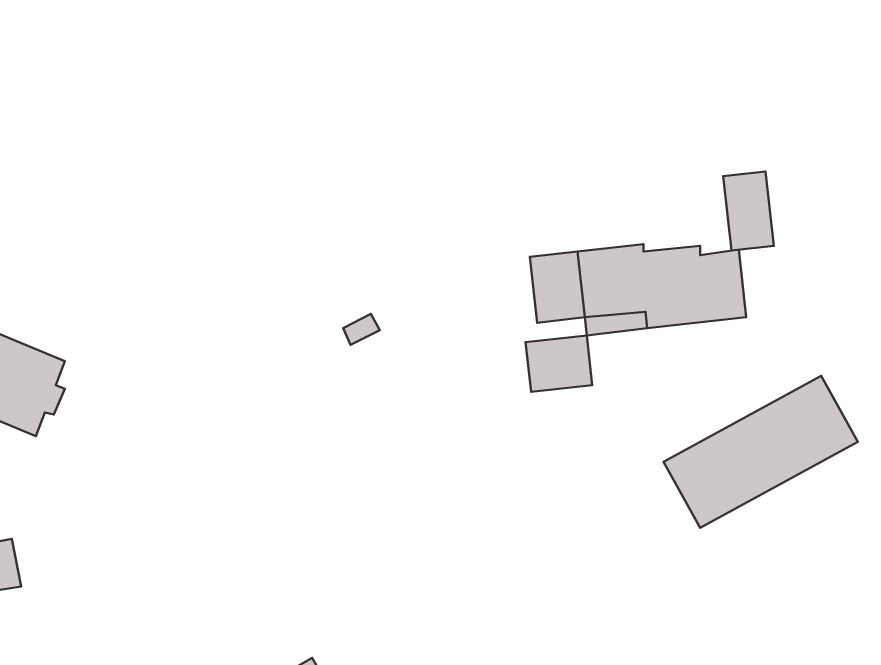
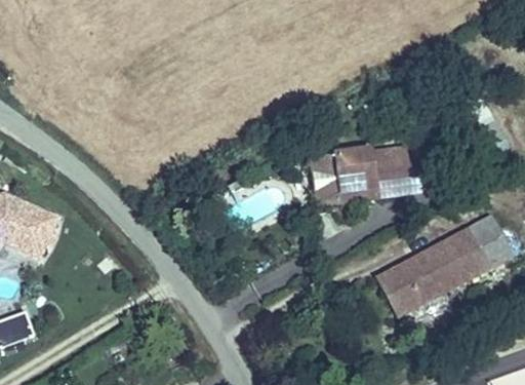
building: [723,172,774,250] -> none
building: [526,336,592,392] -> none

